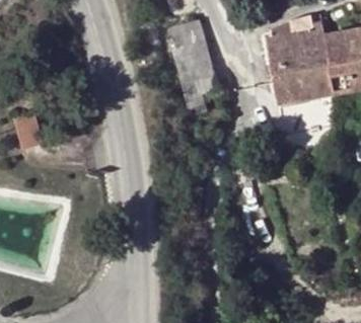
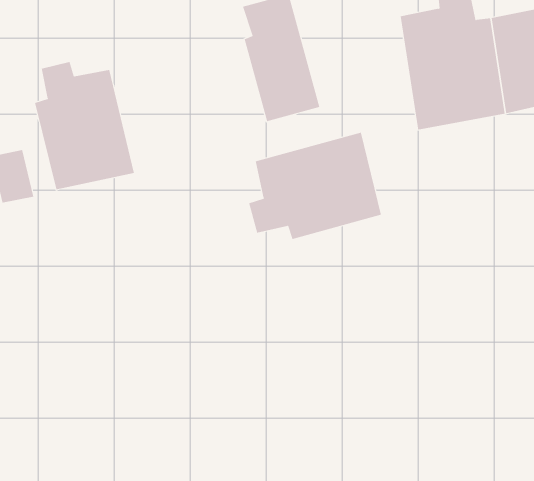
building: none -> [35,61,135,190]
building: none -> [248,132,381,240]

